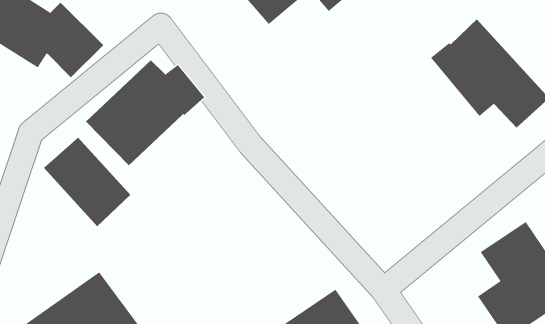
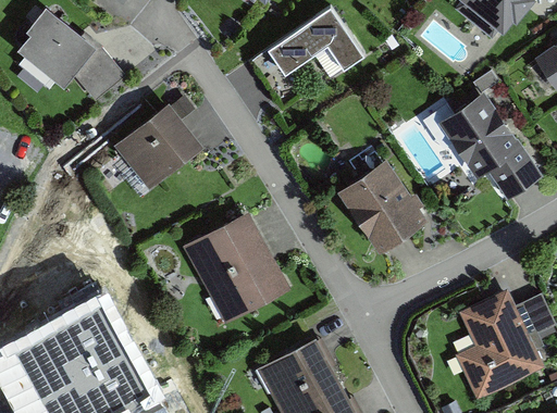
building: none -> [345,165,435,259]
building: [43,137,131,227] -> none
building: none -> [183,210,292,325]

